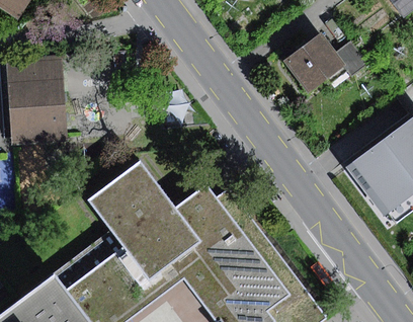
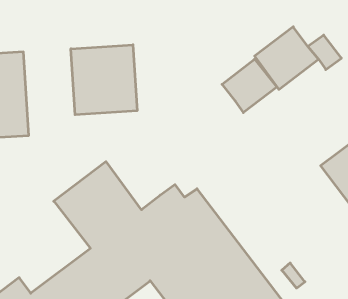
building: none -> [71,45,137,115]
building: none -> [222,59,277,113]

